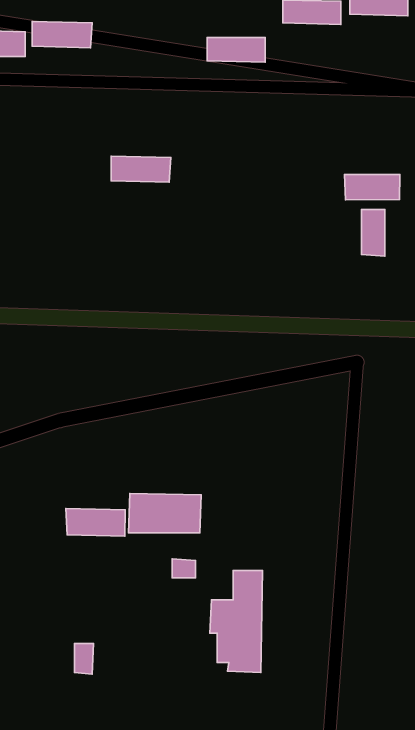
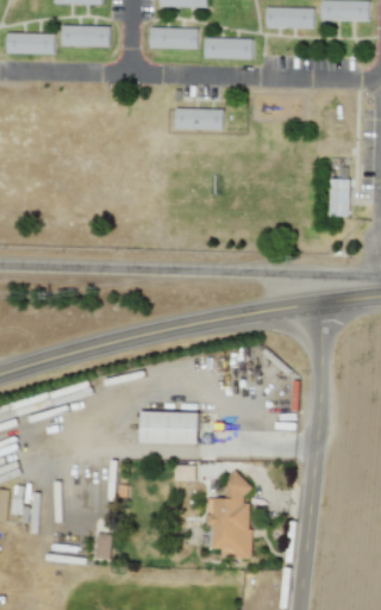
building: none -> [149,27,198,48]
building: [111,156,171,182] -> [175,108,224,130]
building: [345,175,400,200] -> none
building: [66,508,125,536] -> none

